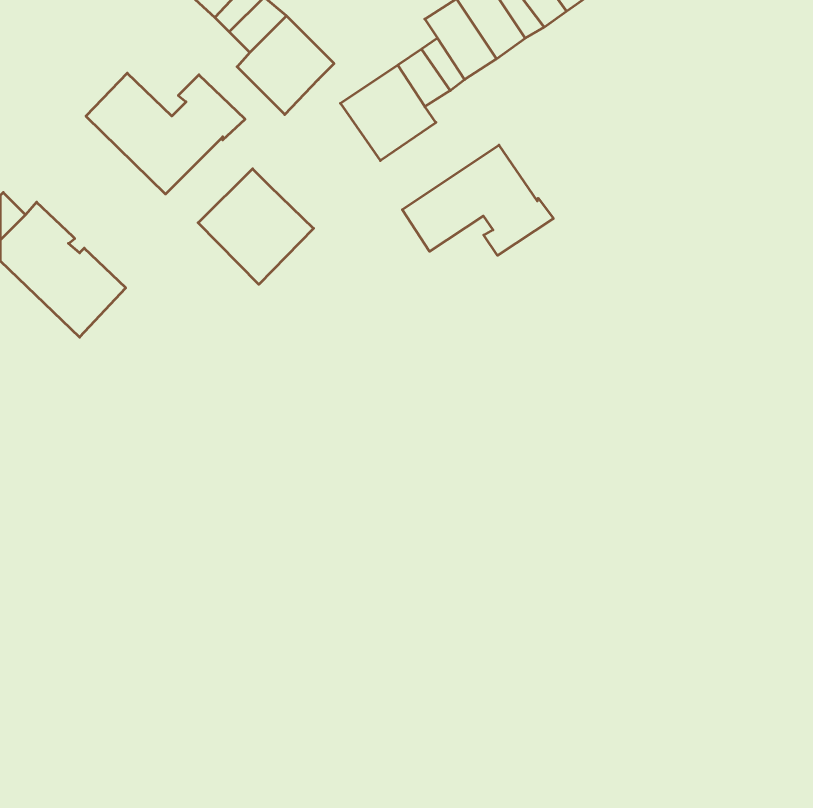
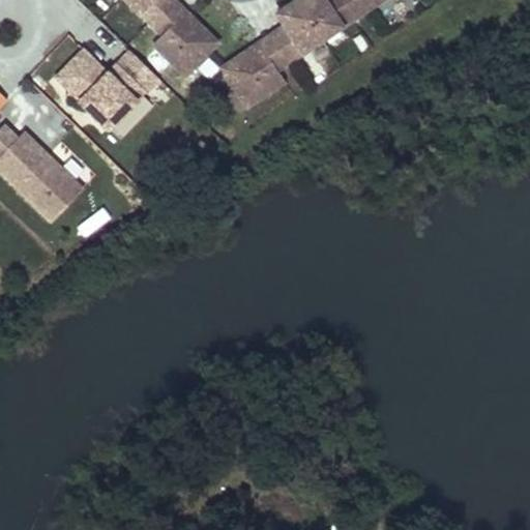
building: [402,145,553,255] -> none
building: [198,169,314,284] -> none

